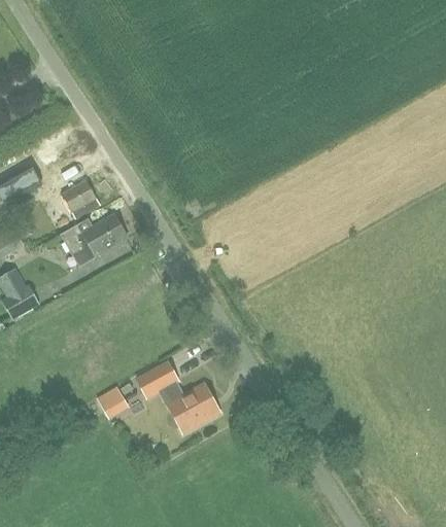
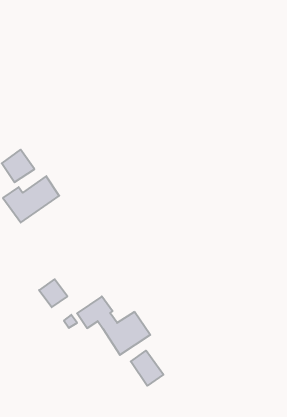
building: [96,385,129,418] -> [39,279,67,307]
building: none -> [131,351,163,386]

